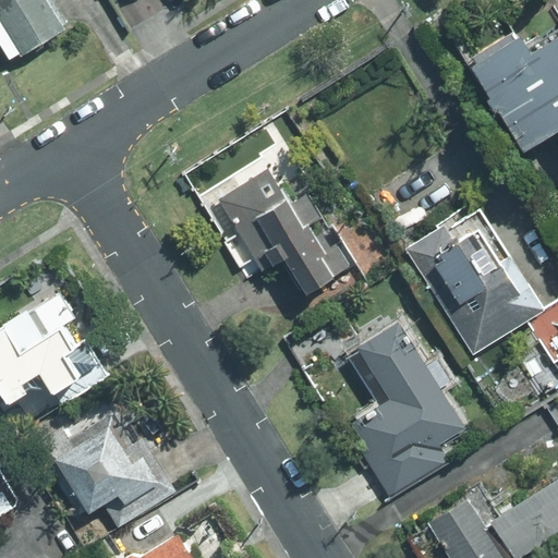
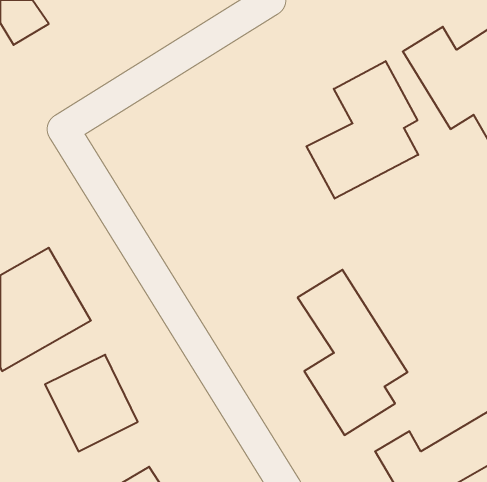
building: none -> [306,61,418,199]
building: [222,159,347,295] -> none
building: [399,196,551,361] -> none

